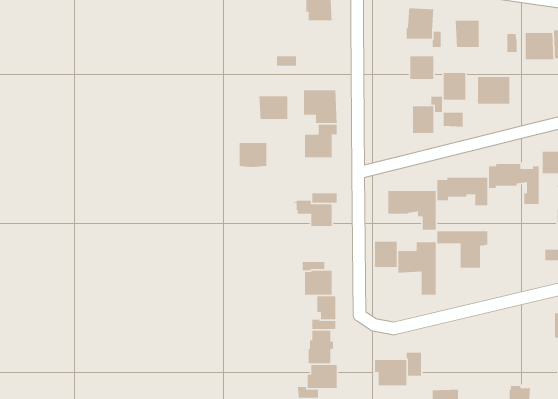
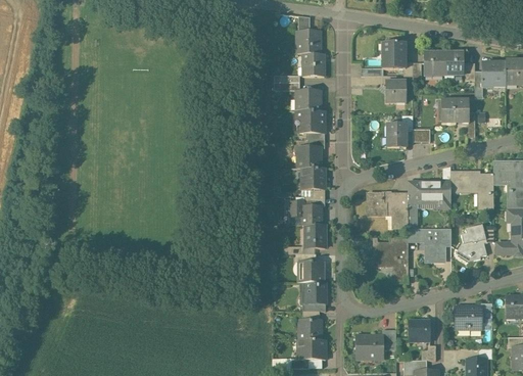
building: none -> [302,53,325,76]
building: [443,72,466,100] -> [443,52,463,76]
building: [259,95,288,120] -> [295,90,320,110]
building: [239,142,267,168] -> [301,168,325,189]
building: none -> [456,224,493,260]
building: [374,241,397,268] -> [305,225,325,247]
building: none -> [456,302,491,329]
building: none -> [410,320,429,340]

